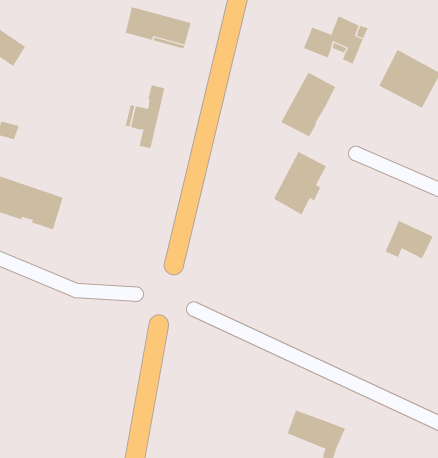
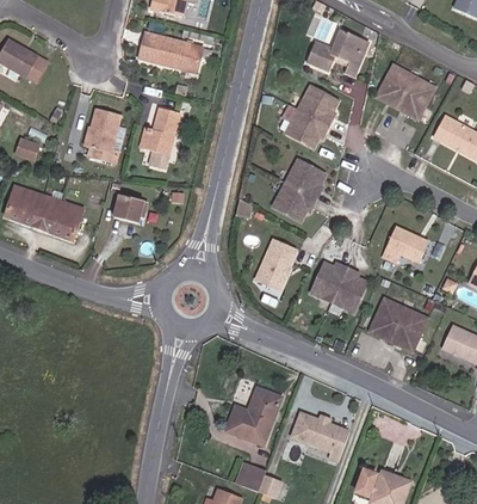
building: none -> [83,102,117,156]
building: none -> [109,195,147,231]
building: none -> [261,241,301,289]
building: none -> [311,262,372,314]
building: none -> [372,299,429,351]
building: none -> [223,386,279,442]

